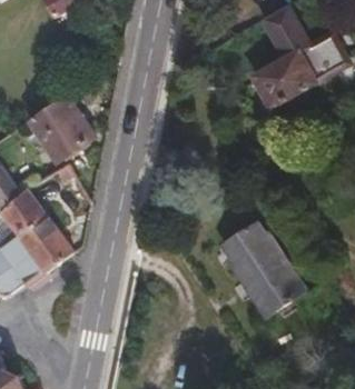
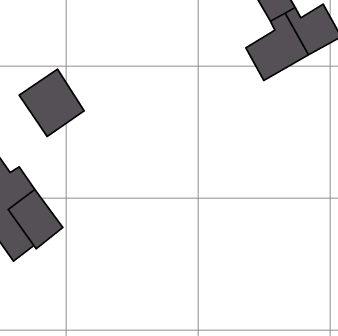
building: [220,222,302,316] -> none

